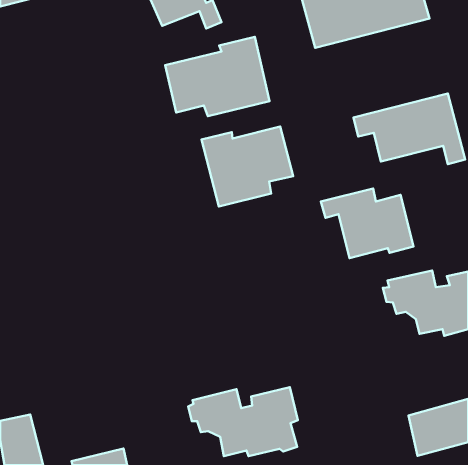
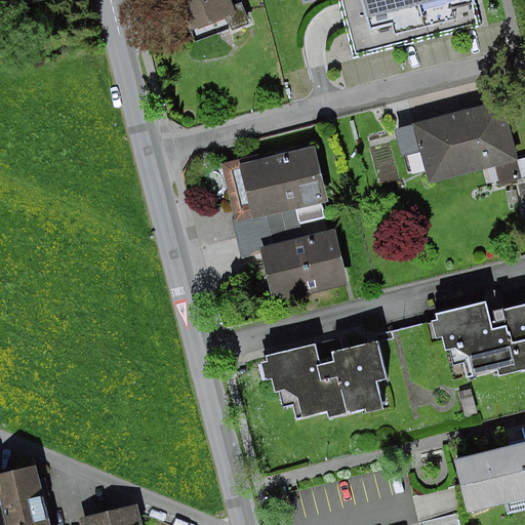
building: [165,37,270,116] -> none
building: [321,189,413,258] -> [245,216,349,294]
building: [188,387,298,456] -> [259,341,382,418]

